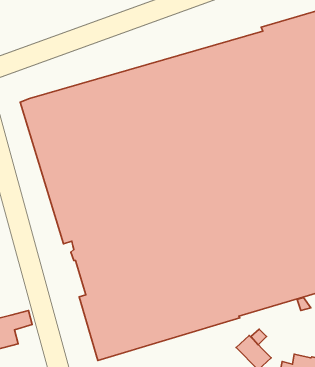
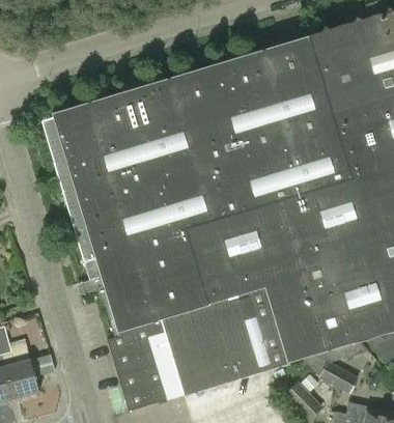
building: none -> [318,359,359,393]

